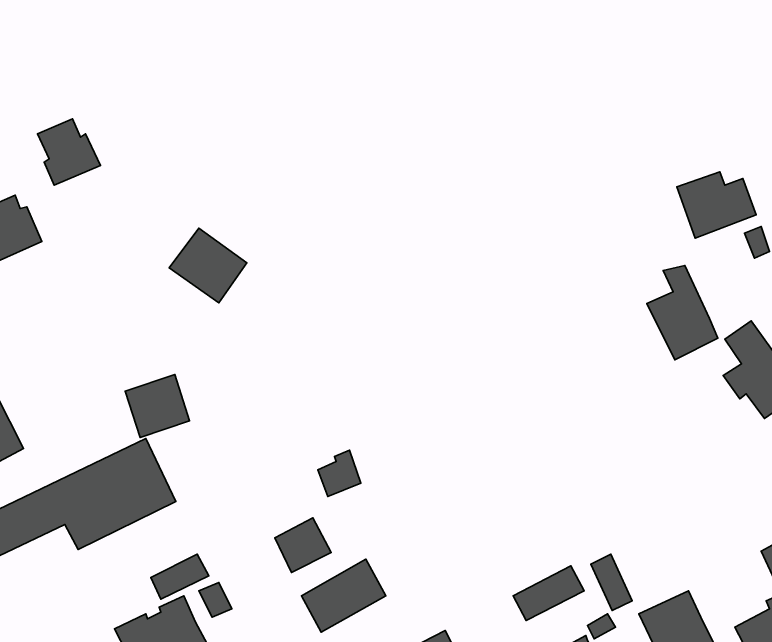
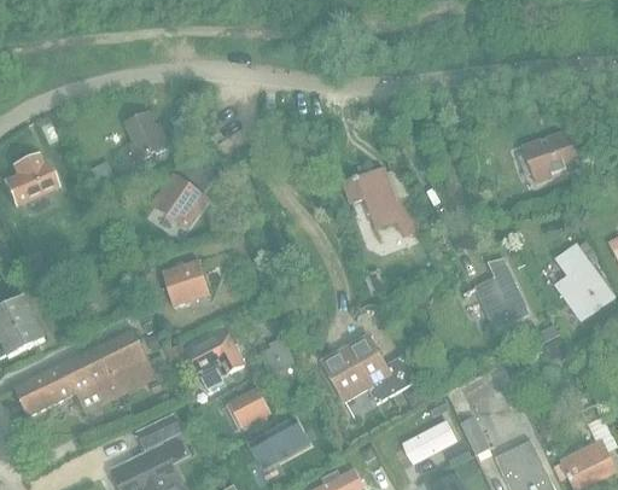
building: [38,119,100,185] -> [123,112,169,161]
building: none -> [343,169,420,235]
building: [647,265,718,360] -> [474,259,526,328]
building: [125,375,190,437] -> [162,259,209,305]
building: none -> [188,333,244,383]
building: none -> [319,337,415,404]

